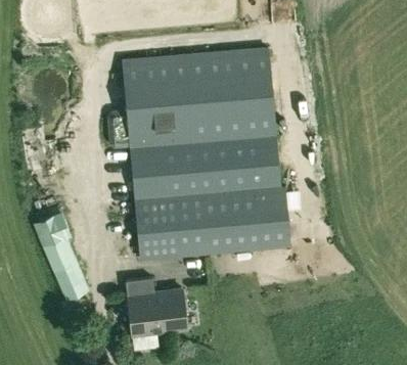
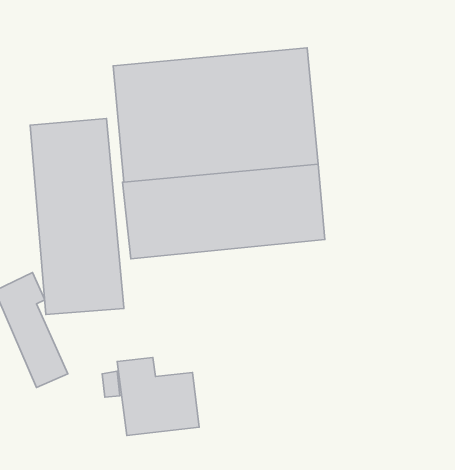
building: none -> [30,118,124,315]
building: [136,188,292,262] -> none

